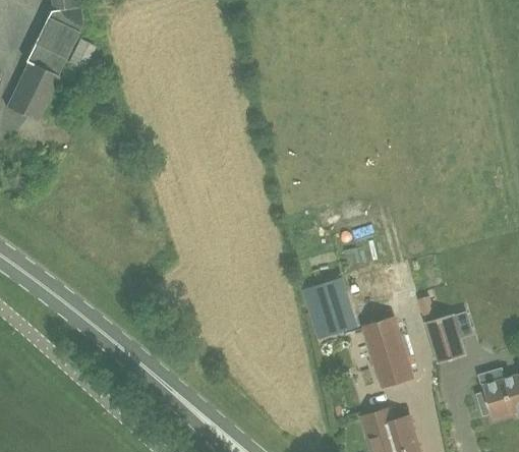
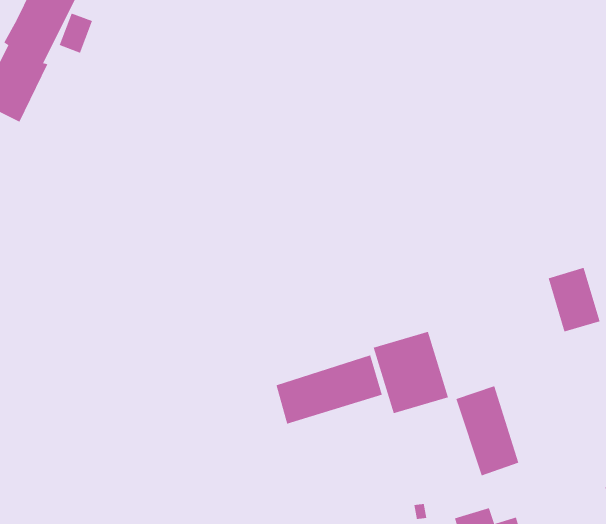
building: none -> [276,354,382,424]
building: [425,313,465,361] -> [548,267,600,332]

